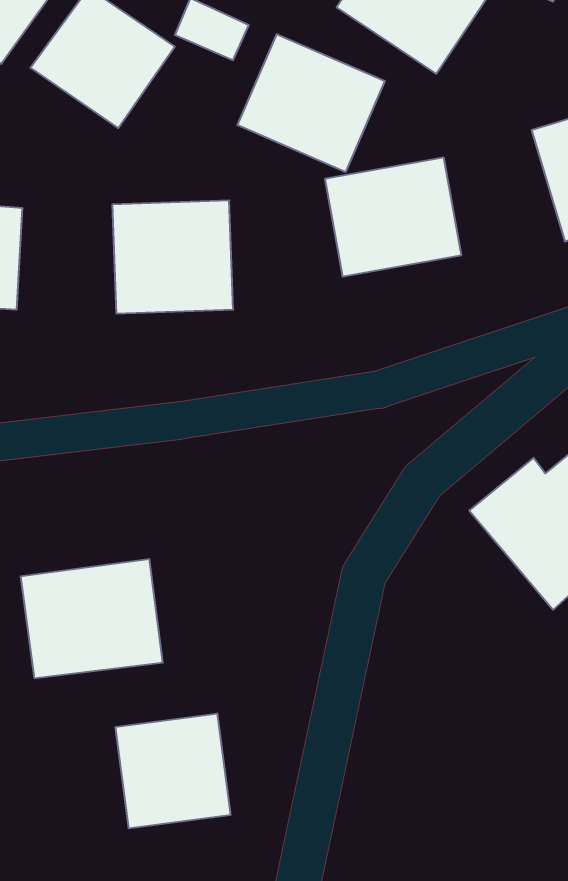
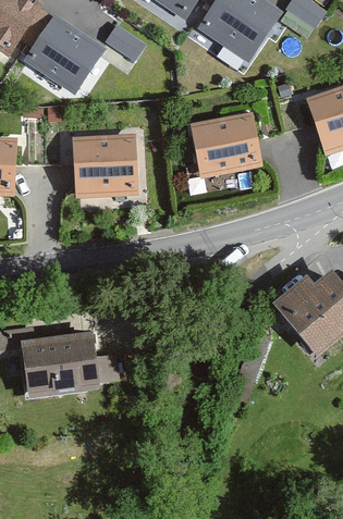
building: [237,34,385,172] -> none
building: [116,713,230,828] -> none

